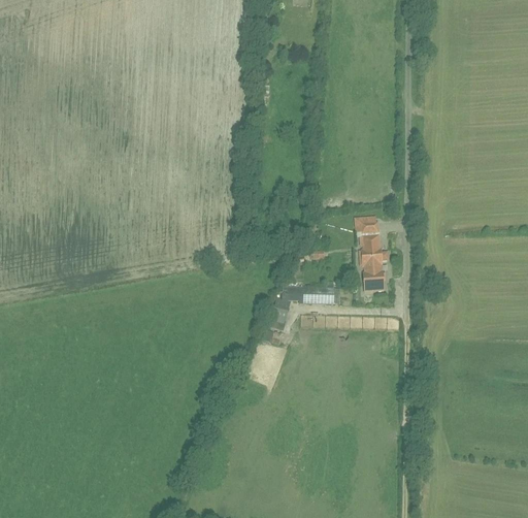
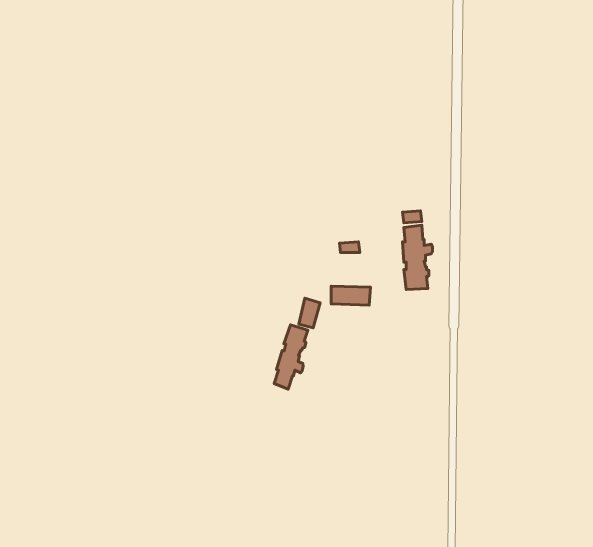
building: none -> [274,325,308,389]

